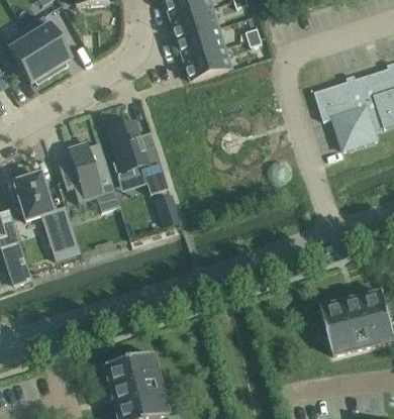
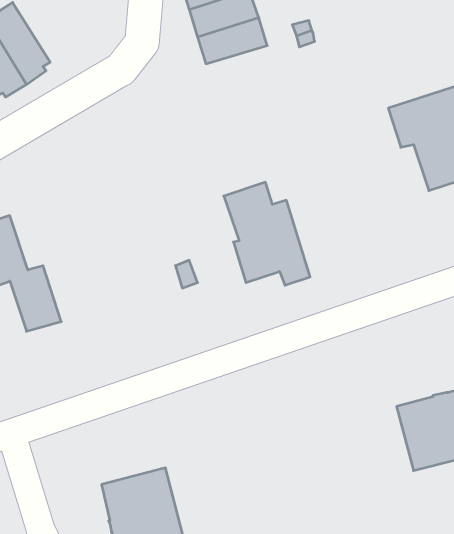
building: [183,45,234,81] -> none
building: [105,118,168,193] -> [224,182,310,285]
building: [58,140,118,211] -> none

